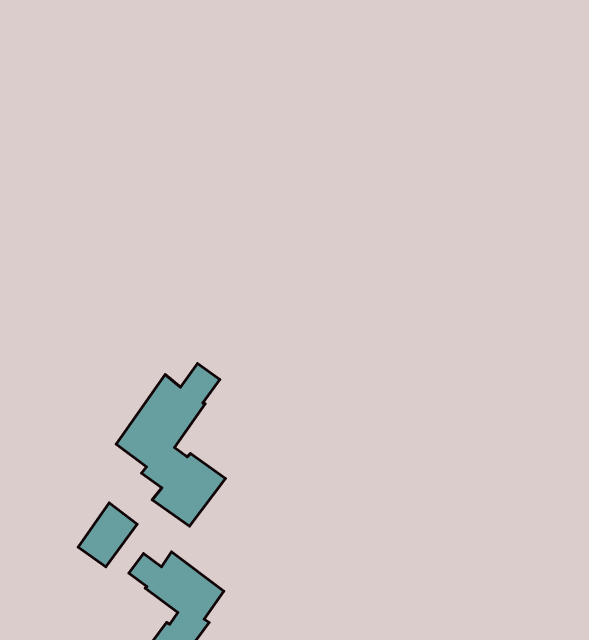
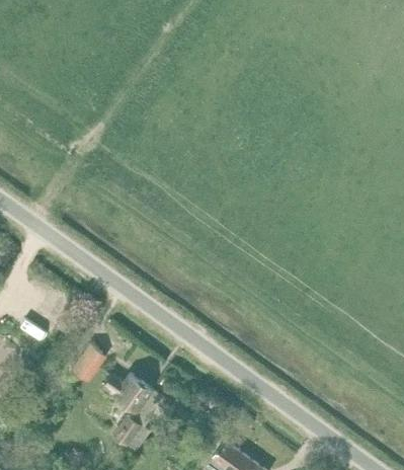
building: [116,364,225,526] -> none

